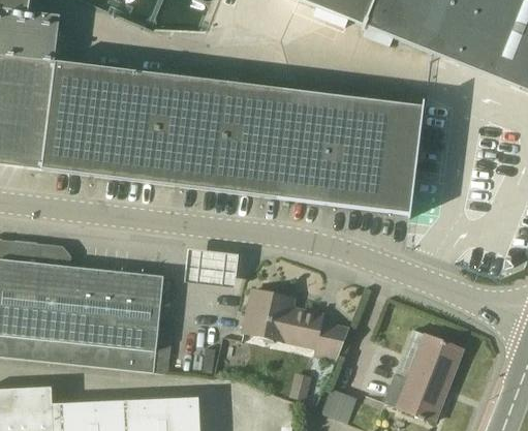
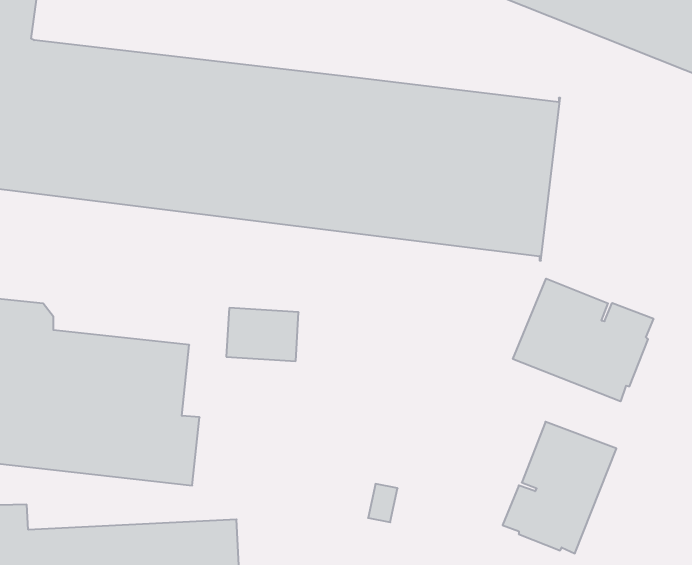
building: none -> [513,279,653,401]
building: [240,287,348,362] -> none
building: [320,388,355,422] -> none

